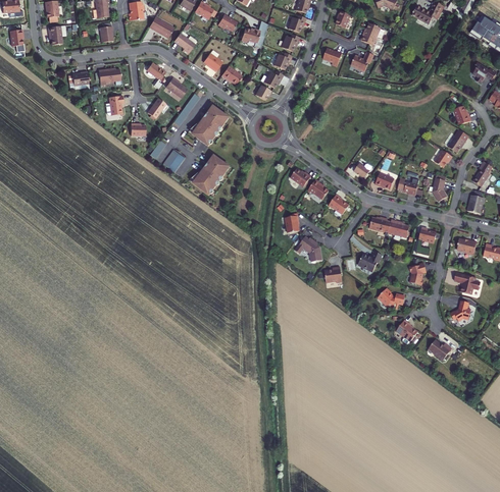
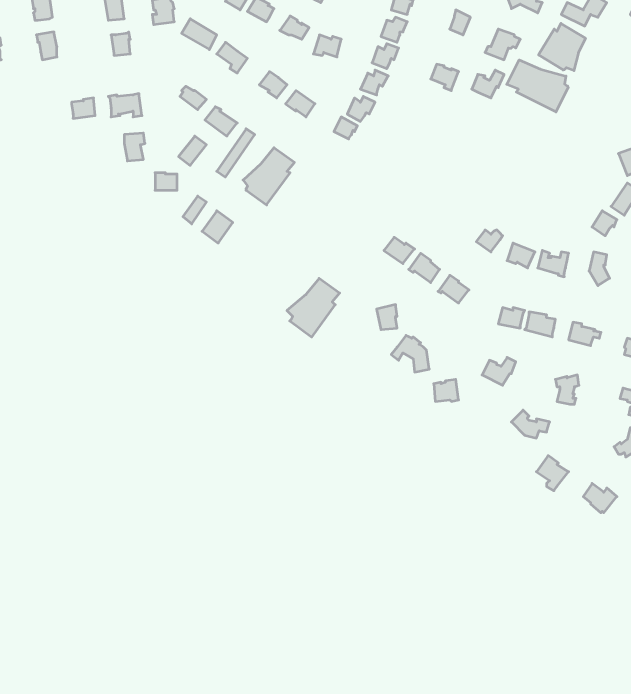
building: none -> [539,23,585,71]
building: none -> [507,60,568,112]
building: [192,155,229,196] -> [287,278,340,337]

